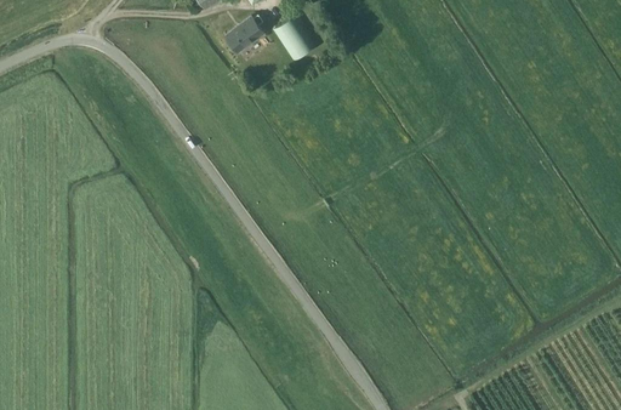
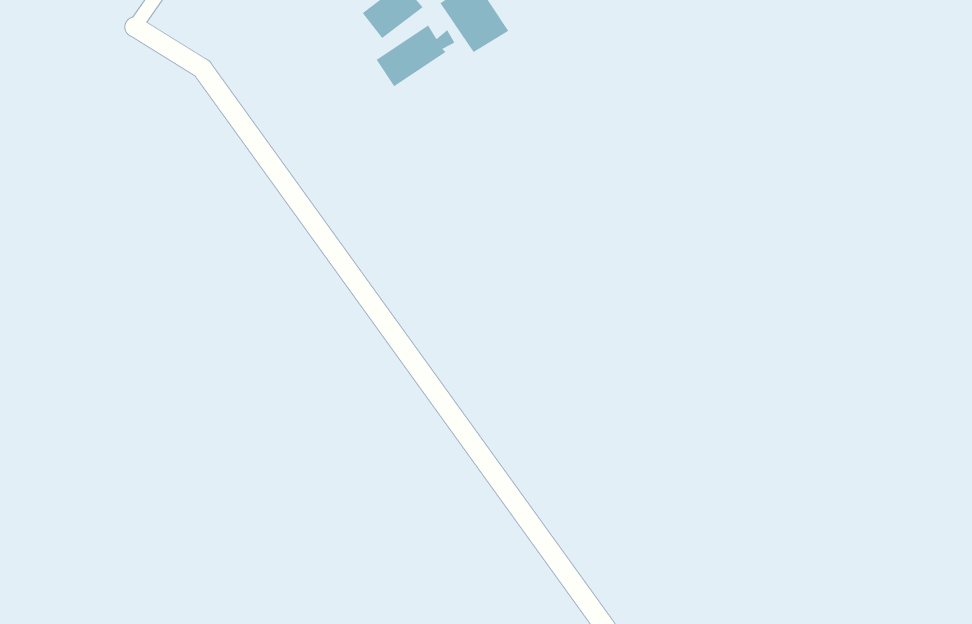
building: none -> [376,24,455,87]

